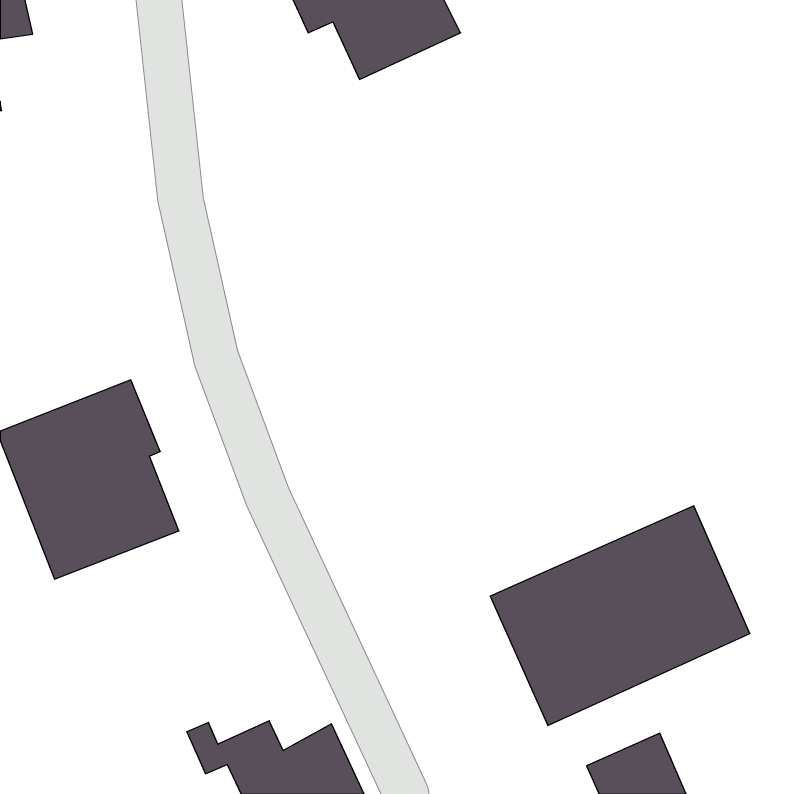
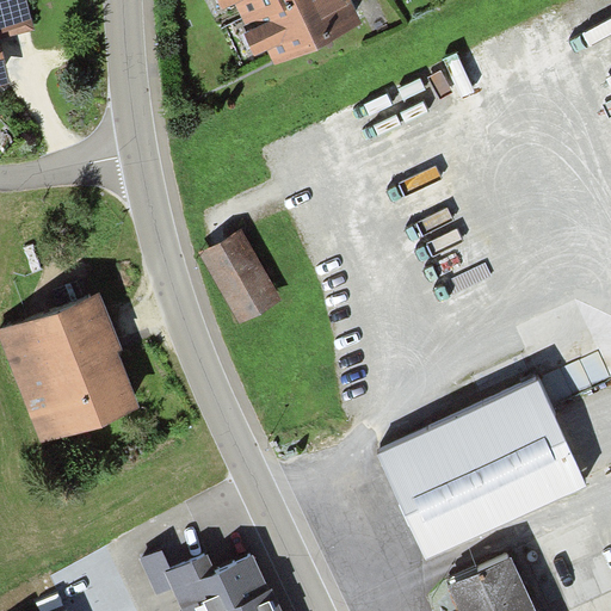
building: none -> [203,237,276,319]

